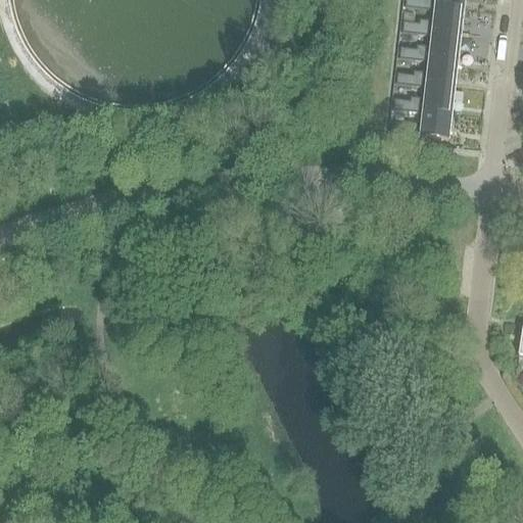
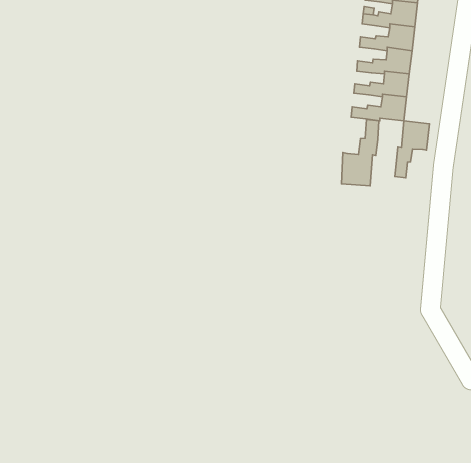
building: none -> [341,120,379,186]
building: none -> [395,121,430,178]

